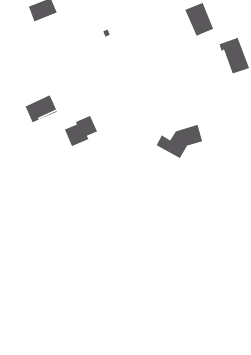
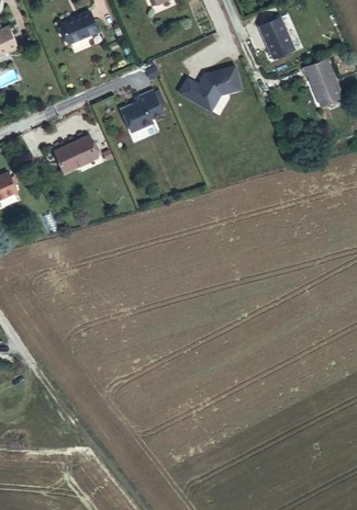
building: [64,115,98,147] -> [122,91,166,133]
building: [155,124,203,159] -> [185,65,246,110]

